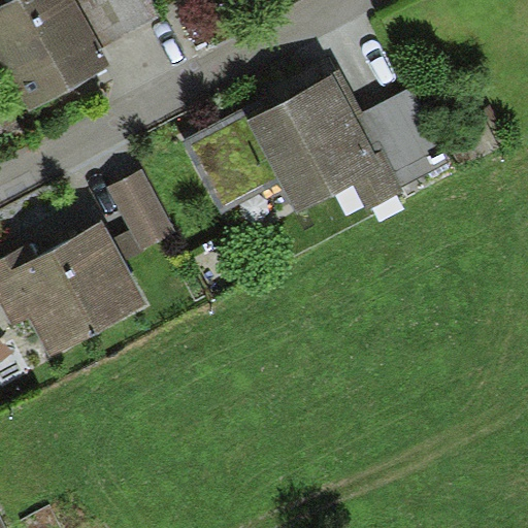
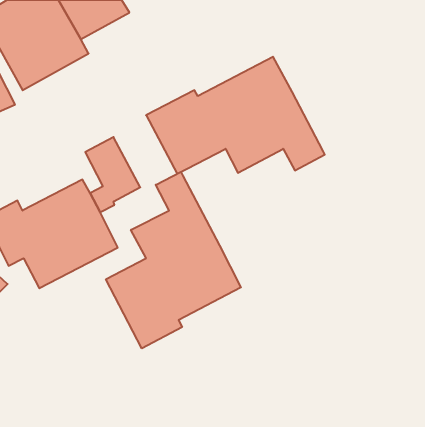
building: [361,89,448,187] -> none
building: none -> [106,172,241,348]

